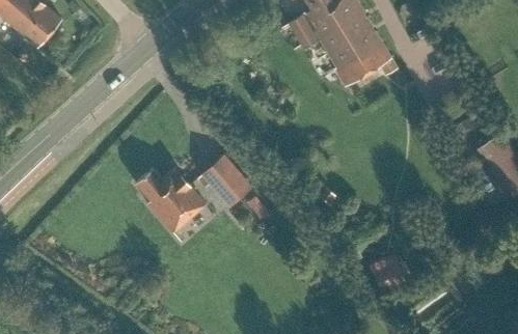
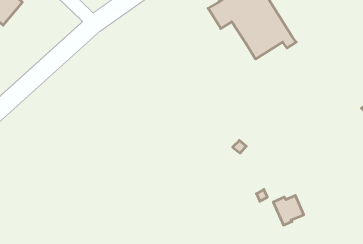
building: [201,156,250,197] -> none
building: [135,168,206,232] -> none

